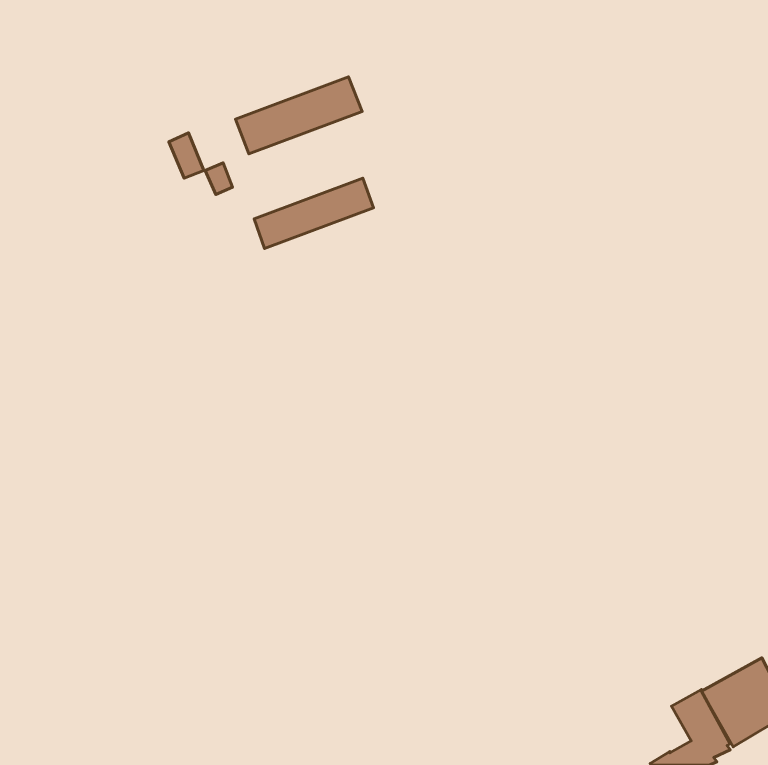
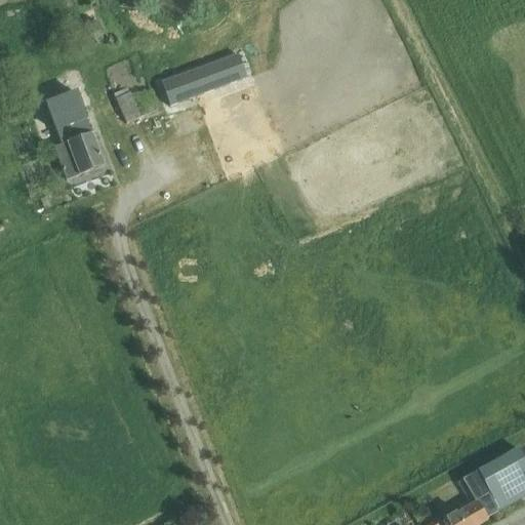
building: none -> [47,90,106,178]
building: [254,178,373,249] -> none

